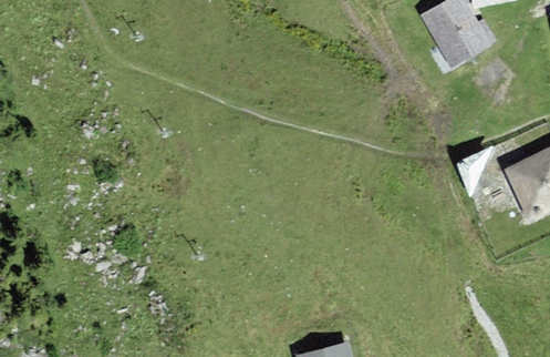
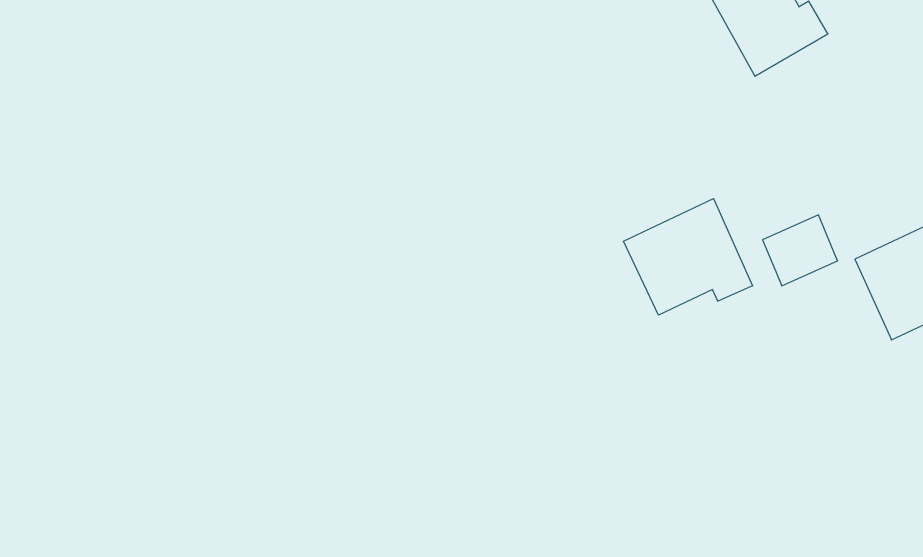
building: none -> [624,199,753,315]

